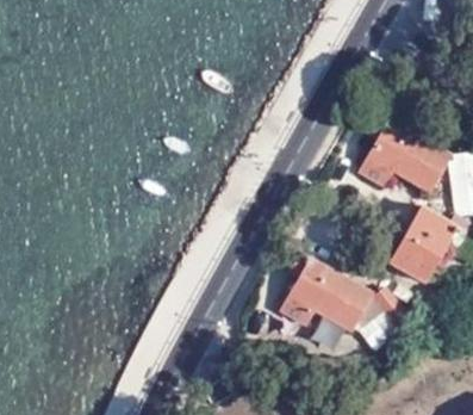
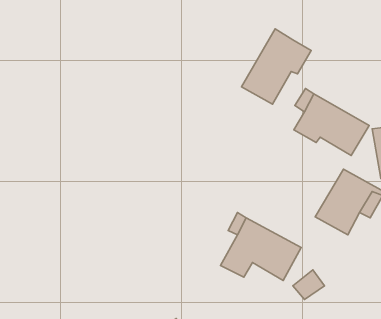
building: none -> [242,29,311,104]

